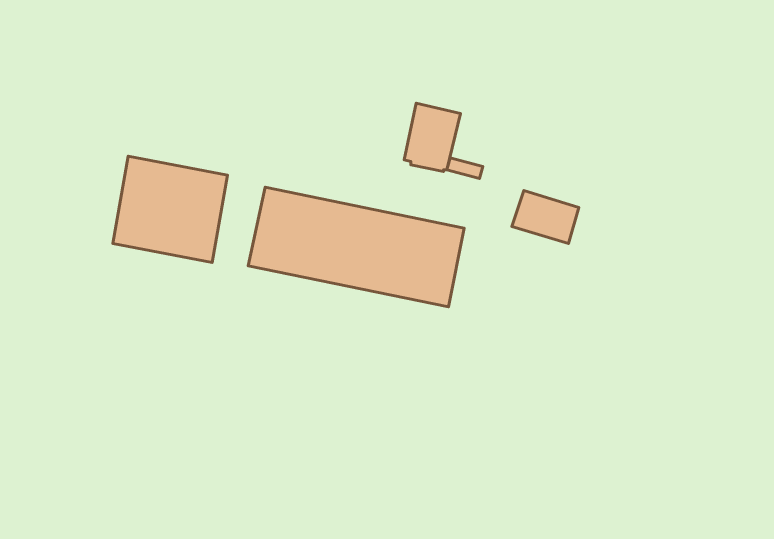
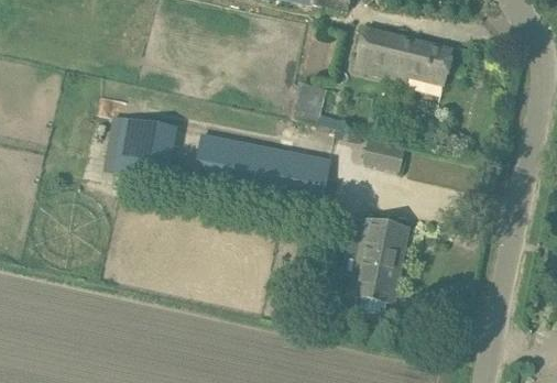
building: none -> [354,25,452,83]
building: none -> [351,219,406,310]

